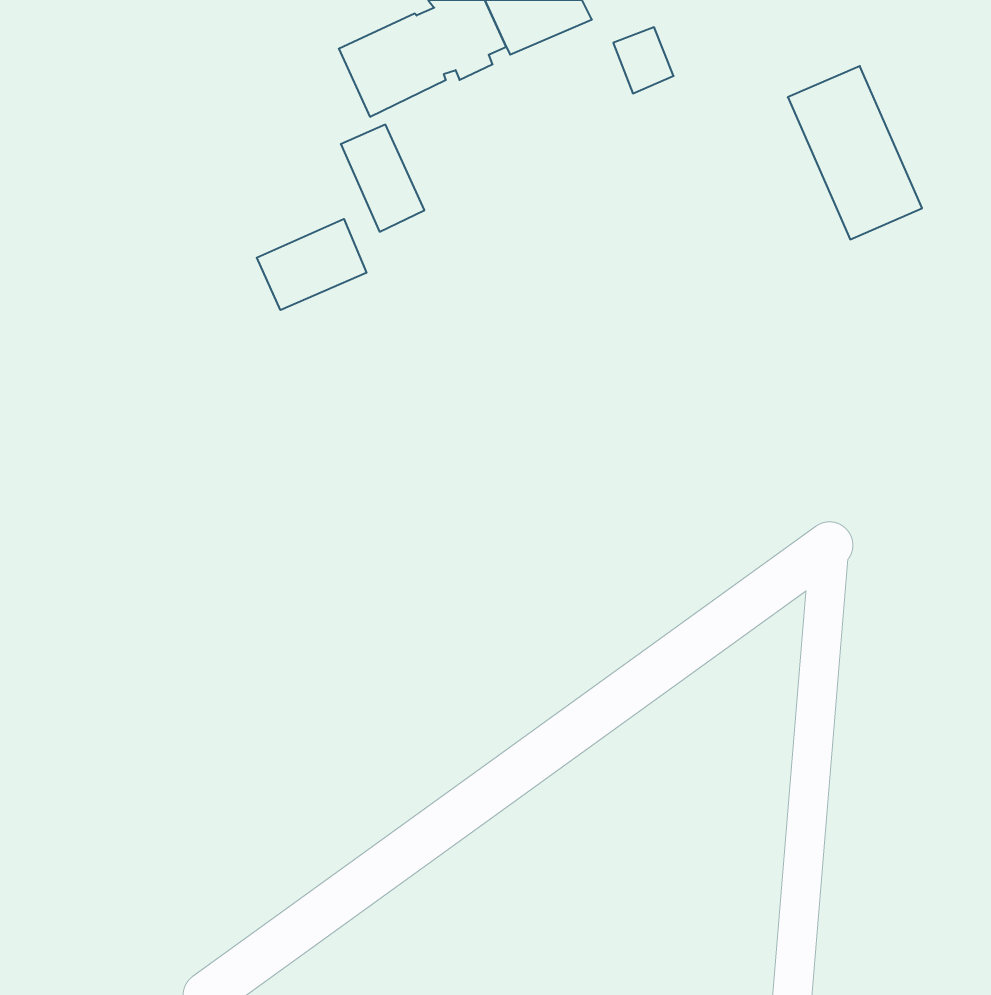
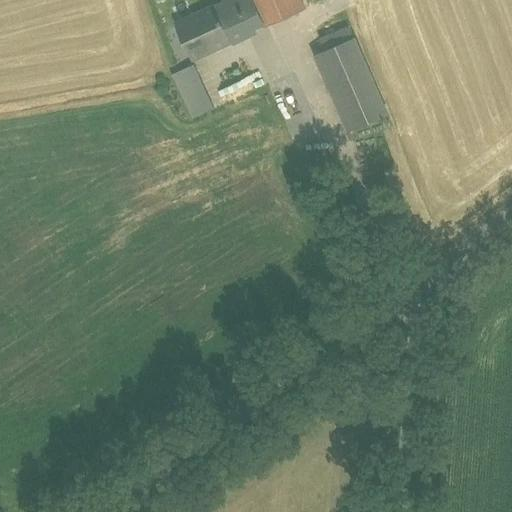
building: [788,66,922,239] -> [315,41,384,130]
building: [257,219,366,310] -> none

